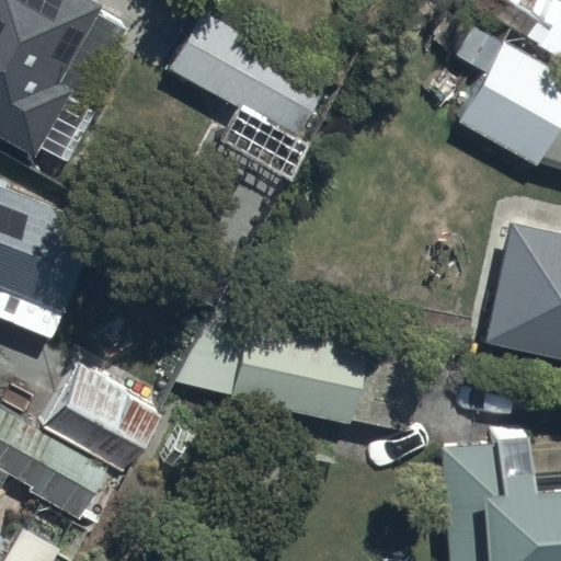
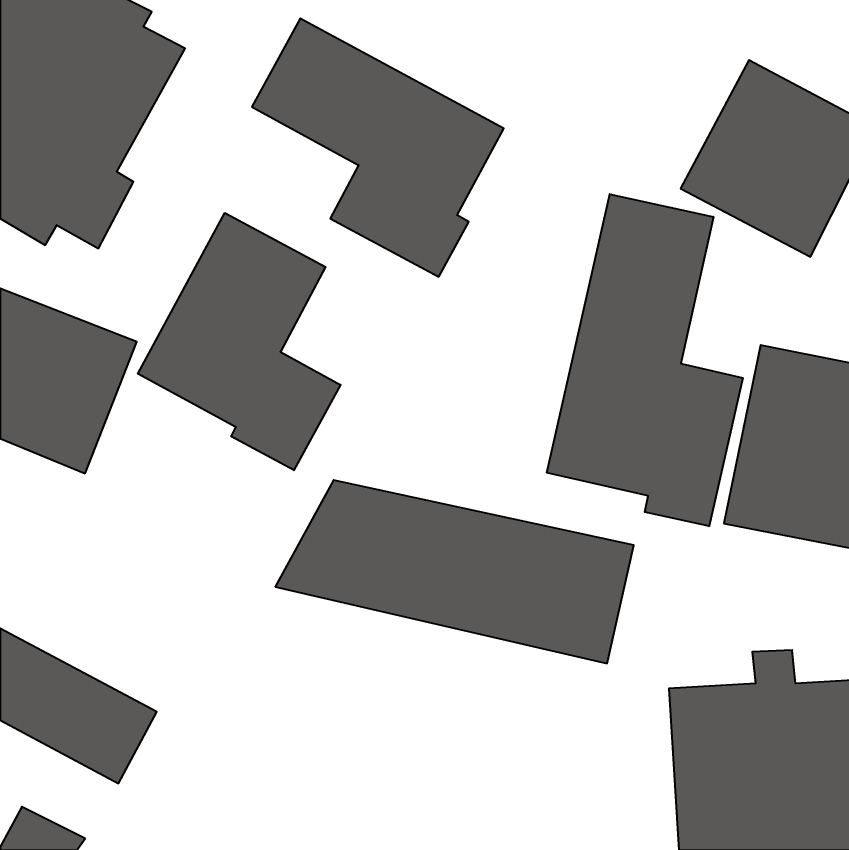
building: none -> [547,194,743,526]
building: none -> [138,213,341,470]
building: [39,362,154,473] -> none

